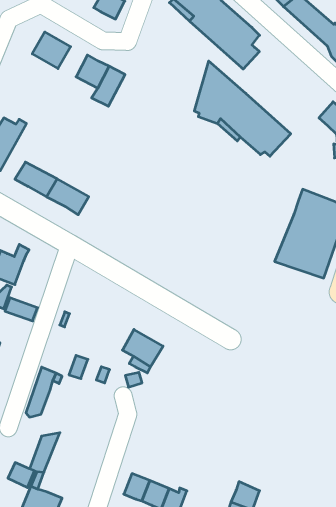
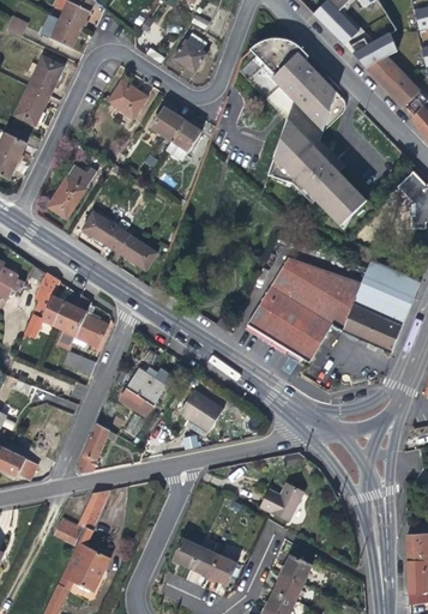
building: none -> [247,255,364,361]
building: none -> [72,305,107,347]
building: none -> [127,368,164,404]
building: none -> [260,482,302,520]

